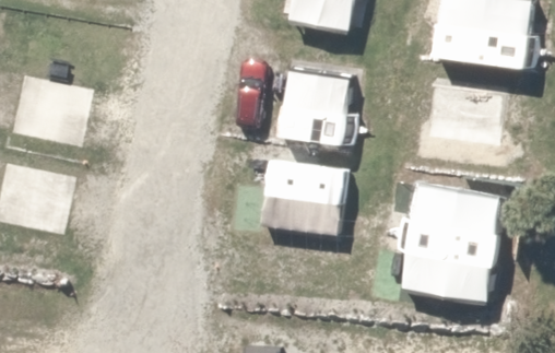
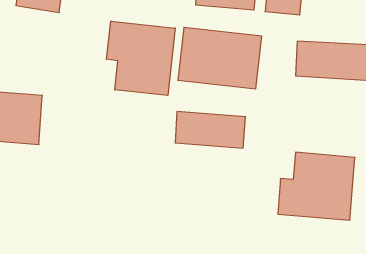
building: none -> [106,21,175,95]

